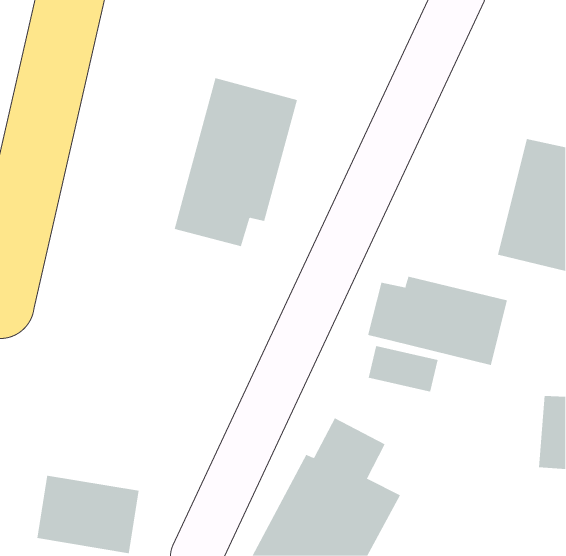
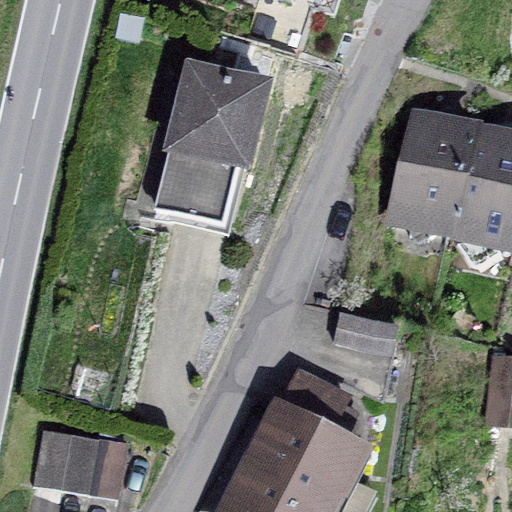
building: none -> [390,110,475,230]
building: [368,276,507,366] -> none

